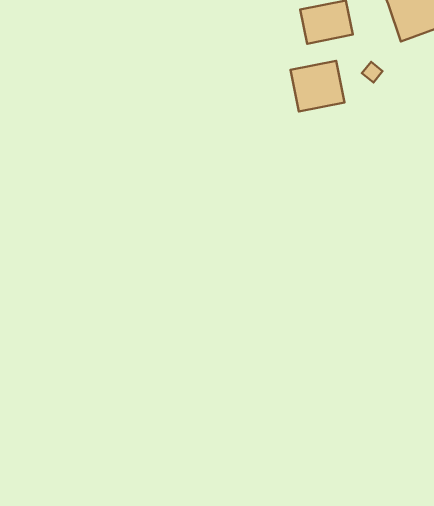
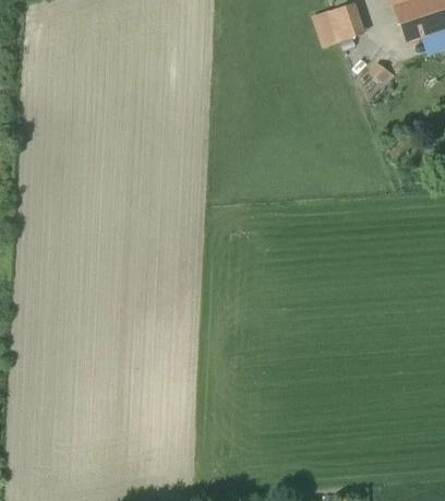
building: [290,61,345,112] -> none

